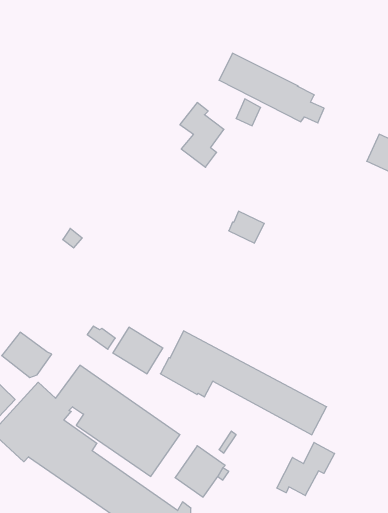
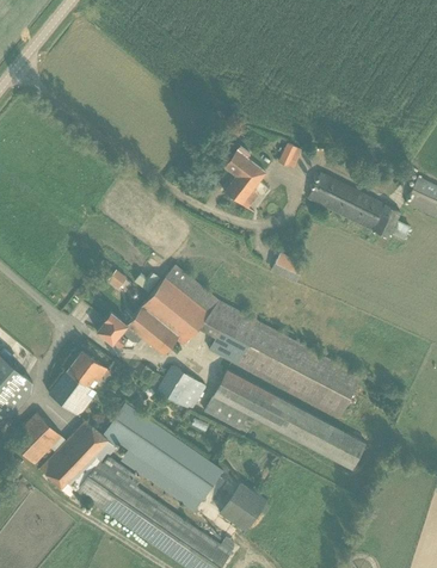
building: [219,53,324,123] -> [307,172,410,240]
building: none -> [94,264,361,419]
building: none -> [64,348,107,389]
building: [277,442,335,496] -> none

